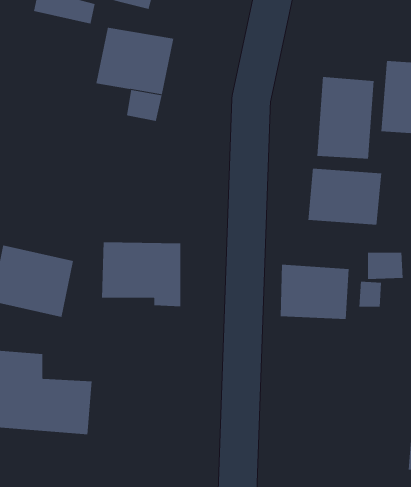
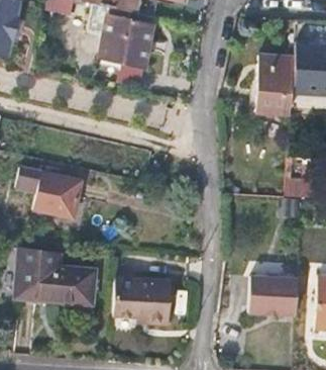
building: [308,168,382,226] -> none
building: [101,242,181,307] -> [112,277,168,322]
building: [280,264,349,319] -> [248,277,297,315]

